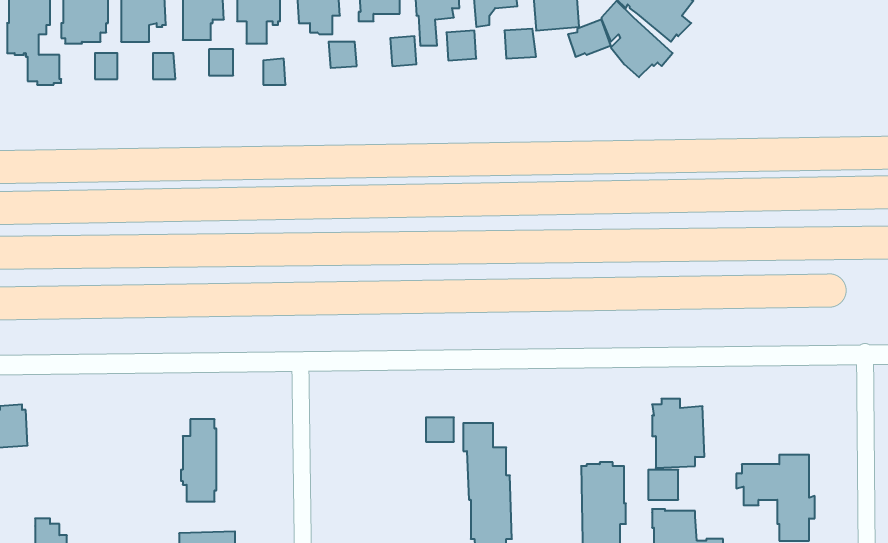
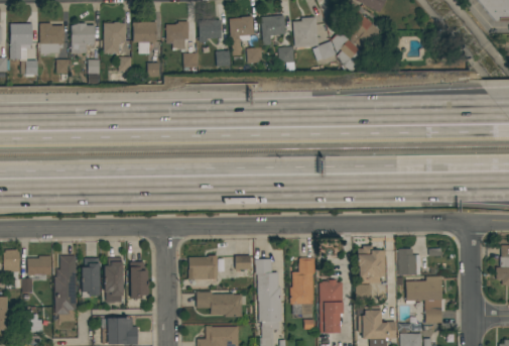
building: none -> [399,249,421,275]
building: none -> [55,255,77,315]
building: none -> [23,256,52,293]
building: none -> [189,256,218,279]
building: none -> [83,258,100,298]
building: none -> [291,258,315,315]
building: none -> [130,262,148,299]
building: none -> [198,292,247,317]

